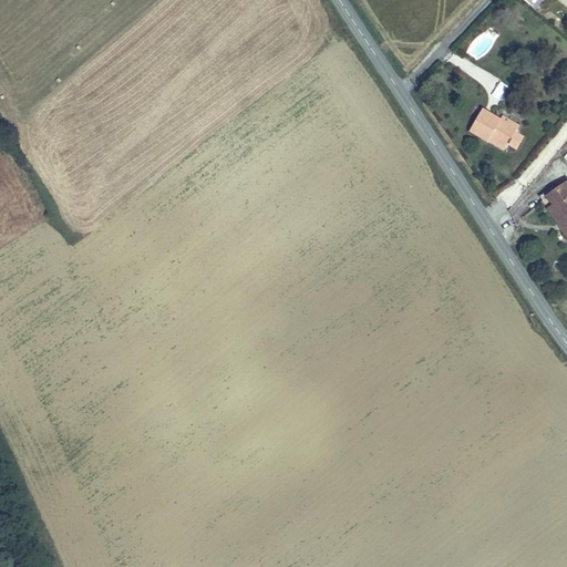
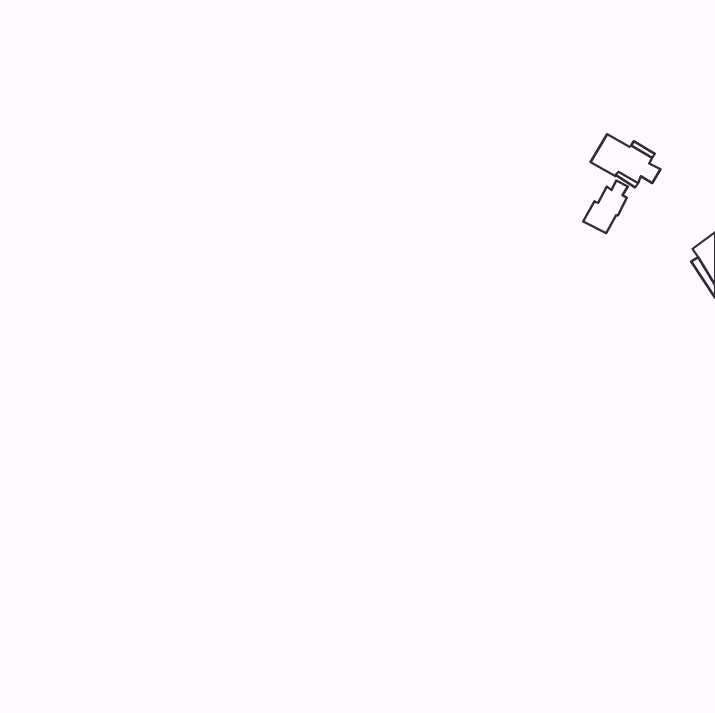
building: none -> [583,181,628,233]

